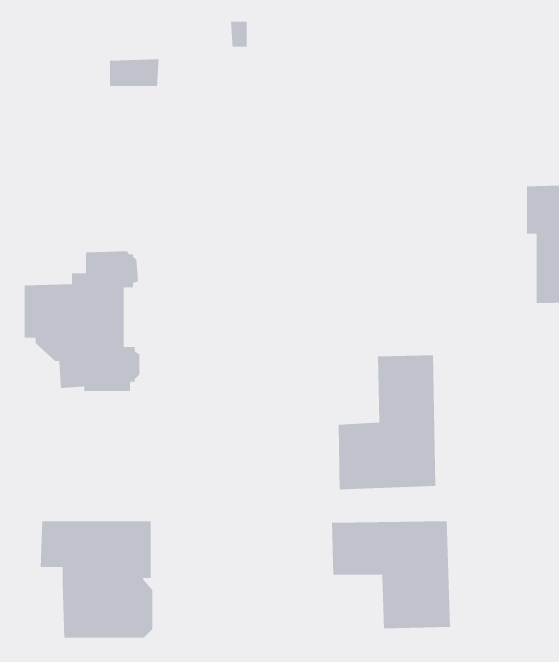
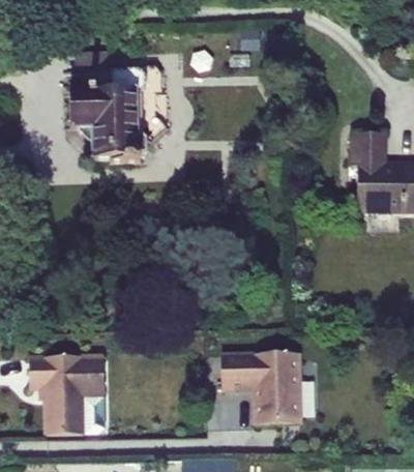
building: [24,250,140,392] -> [70,68,147,161]
building: [338,354,436,490] -> none

